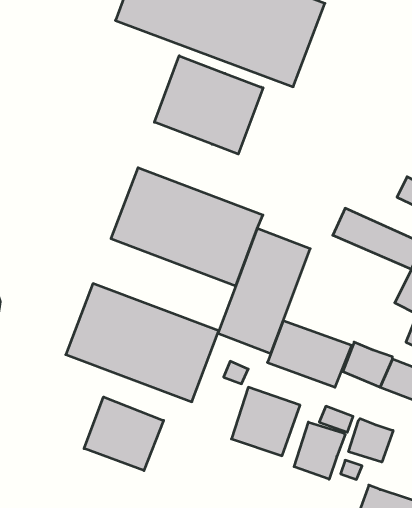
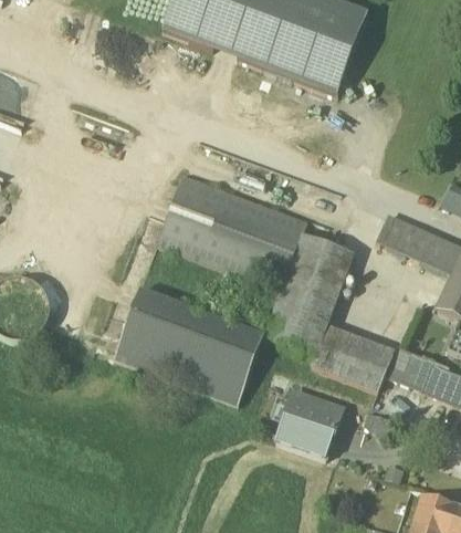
building: [154,56,263,154] -> none
building: [84,397,164,471] -> none
building: [349,419,393,462] -> none
building: [294,422,345,479] -> none

